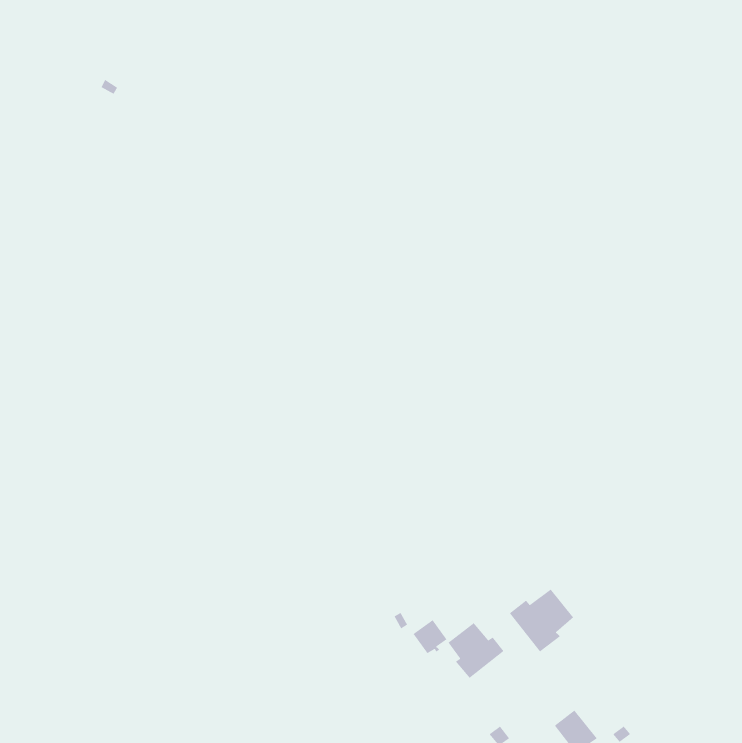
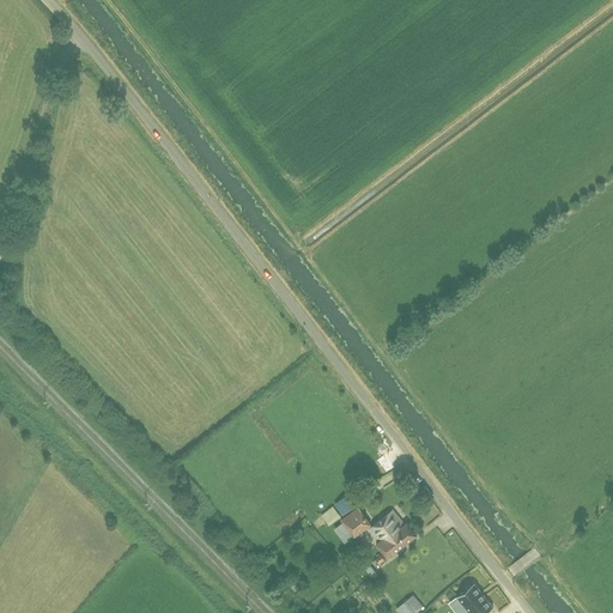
building: [509,588,574,653] -> none

